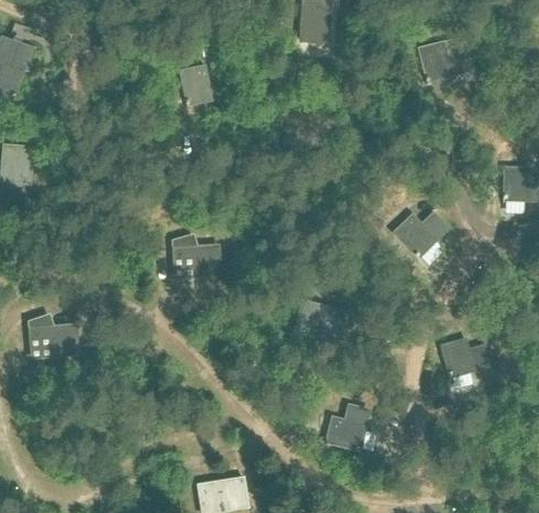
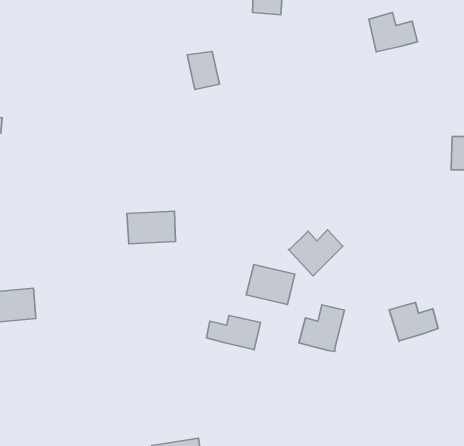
building: [179,64,212,103] -> [187,51,220,89]
building: [394,211,449,258] -> [289,230,343,276]
building: none -> [207,316,261,350]
building: [325,402,372,450] -> [299,305,344,352]

